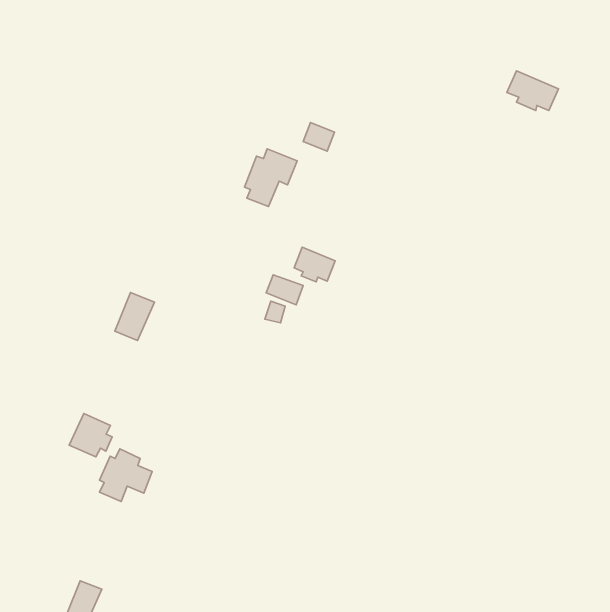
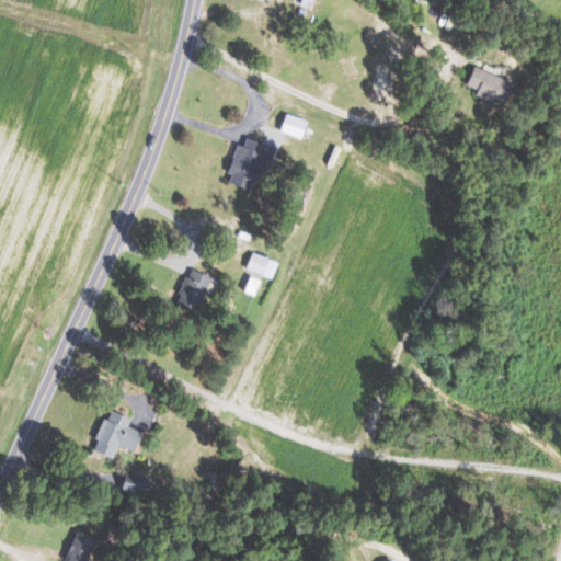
building: [294,247,335,282] -> none
building: [115,293,154,341] -> [175,270,211,313]
building: [69,414,112,457] -> none

